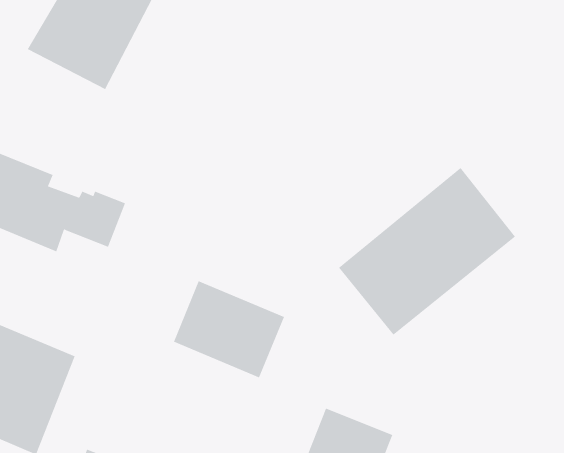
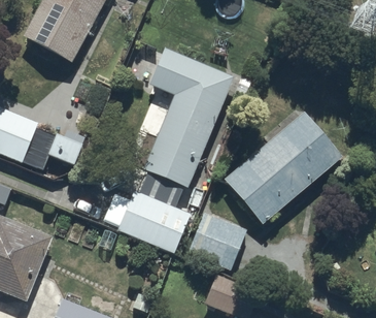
building: none -> [142,47,232,188]
building: none -> [187,211,245,268]

